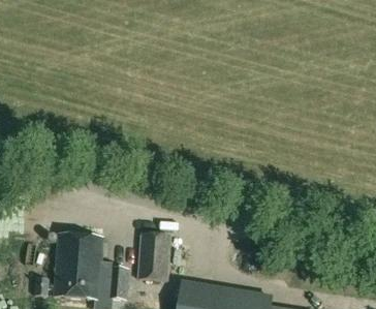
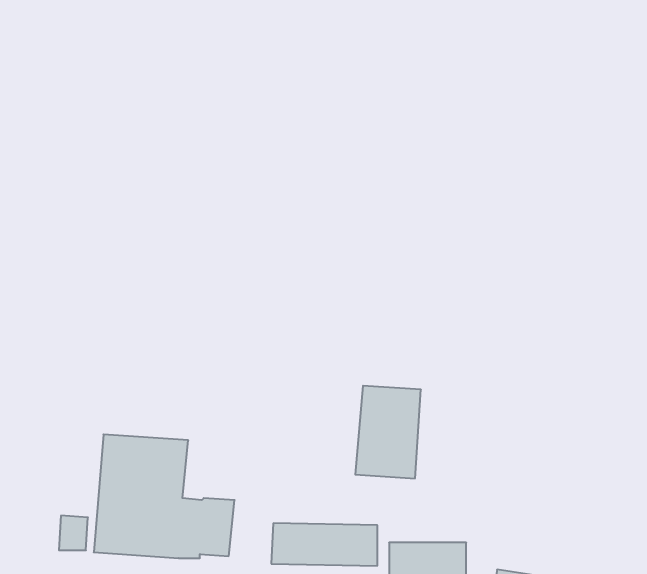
building: [135,230,170,280] -> [355,386,421,478]

